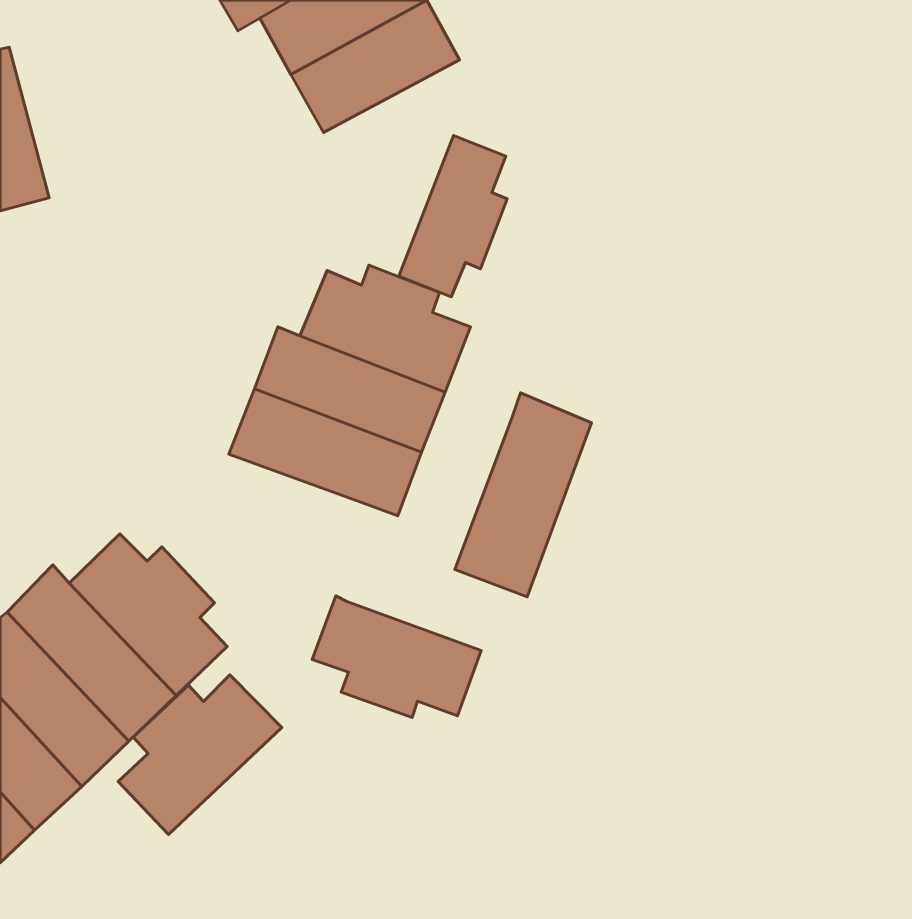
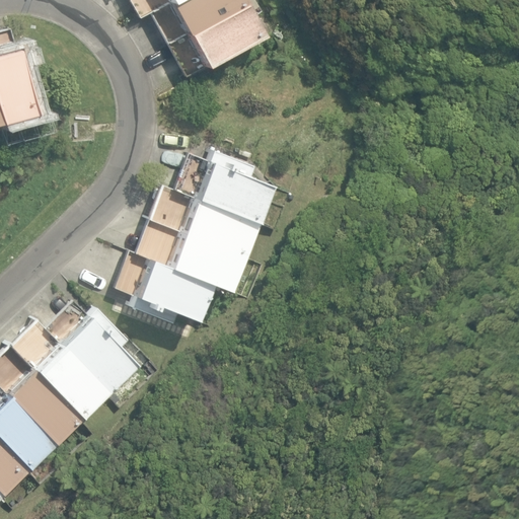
building: [399,135,507,297] -> none
building: [455,393,592,597] -> none
building: [312,596,481,718] -> [118,255,212,323]
building: [118,675,282,835] -> none

